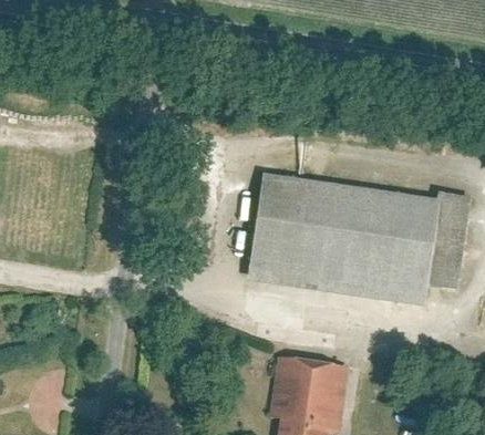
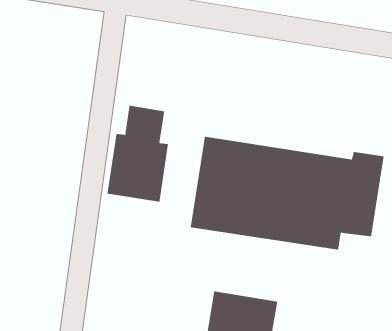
building: none -> [107,105,169,203]

